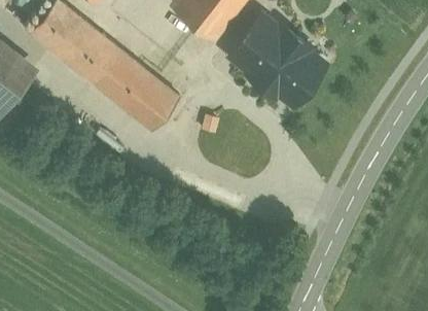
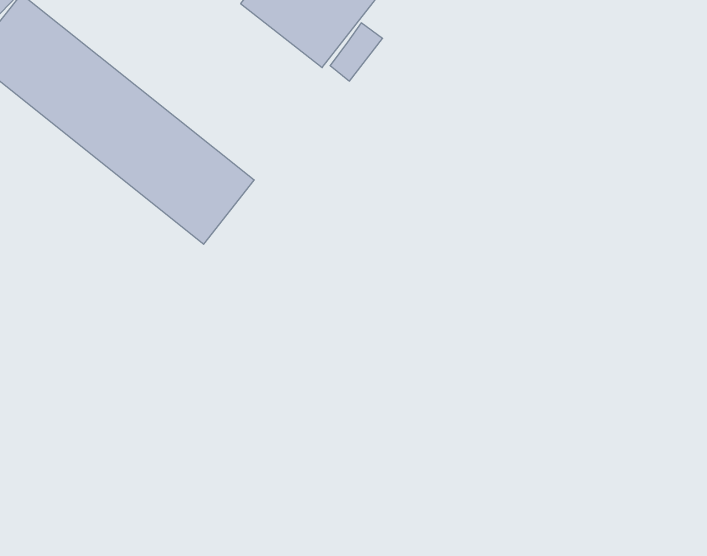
building: [228,11,328,107] -> none

